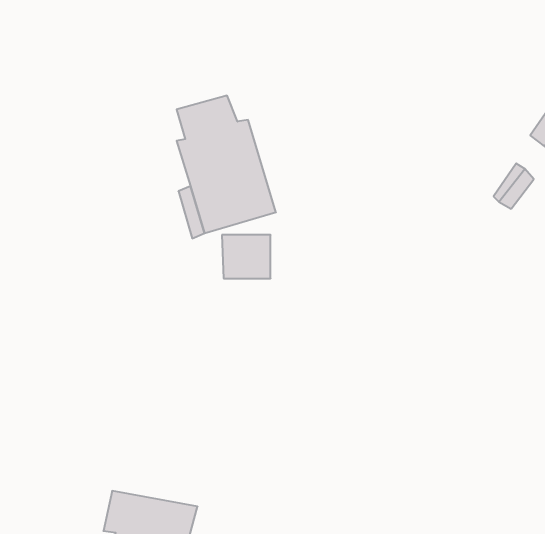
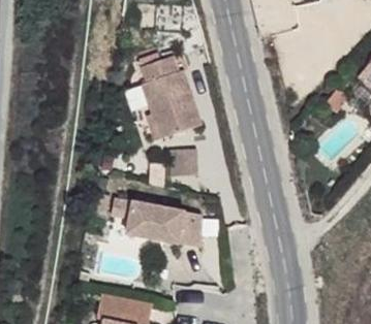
building: none -> [126,205,203,254]

